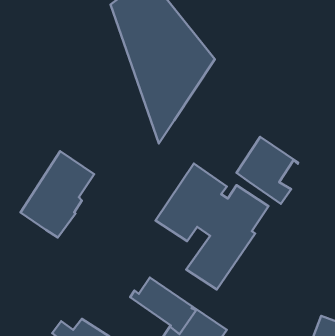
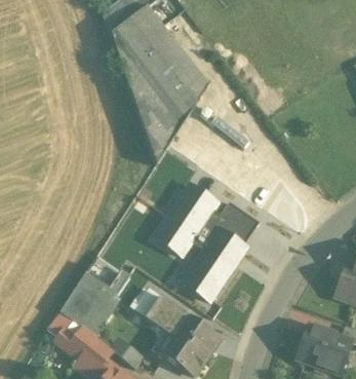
building: [236,137,298,204] -> none
building: [21,151,94,238] -> [61,254,129,335]

